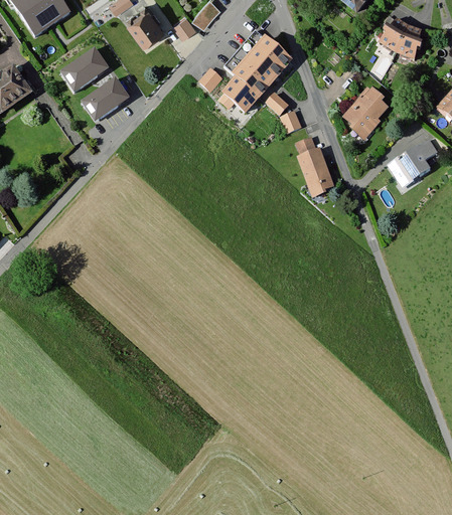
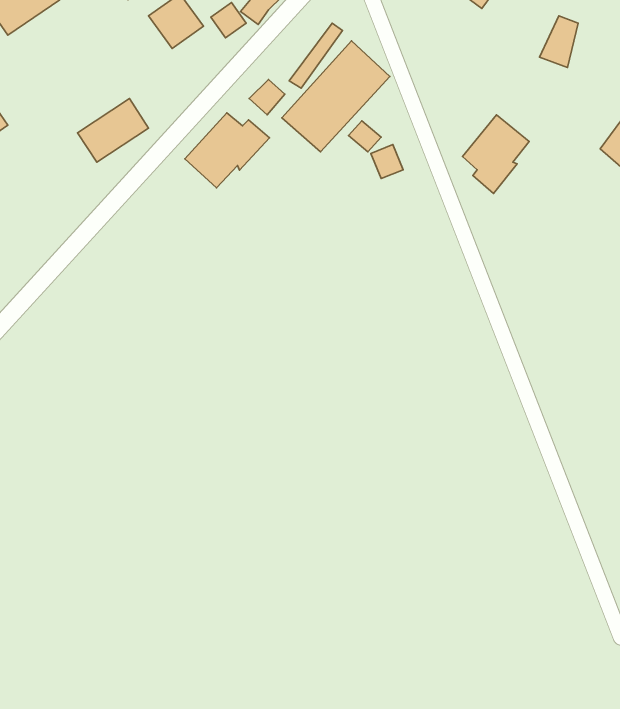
building: [379,14,409,48] -> none
building: [61,46,111,93] -> none
building: none -> [185,113,270,188]
building: [296,135,335,197] -> none
building: [388,137,440,187] -> none

